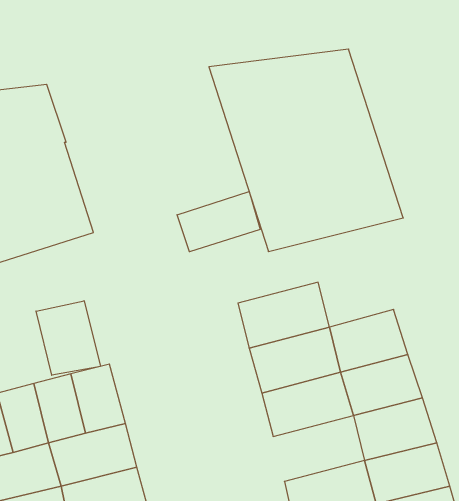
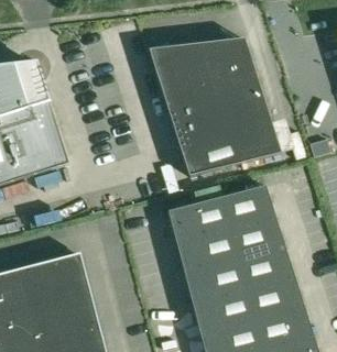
building: [177,192,260,252] -> none
building: none -> [224,184,275,227]
building: [36,301,100,375] -> none
building: none -> [193,287,256,332]

